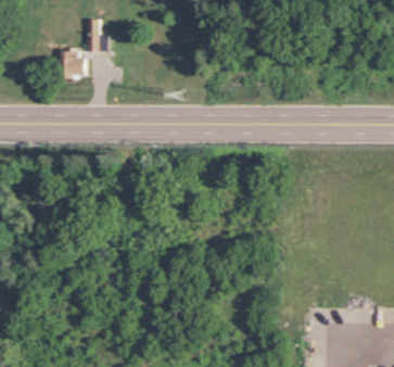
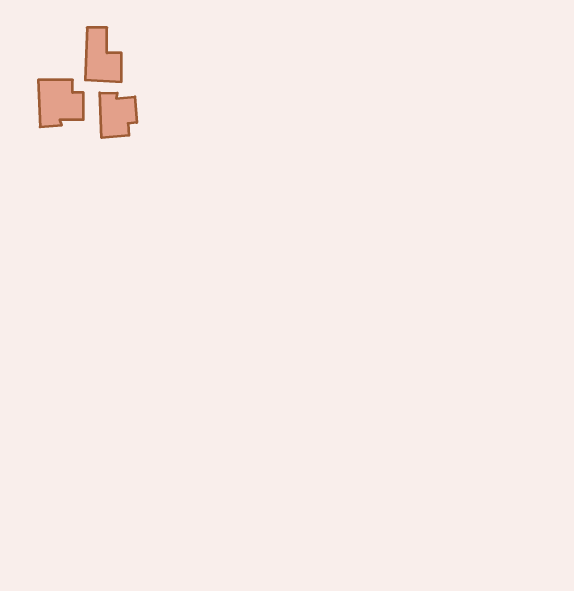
building: none -> [100,93,137,138]

